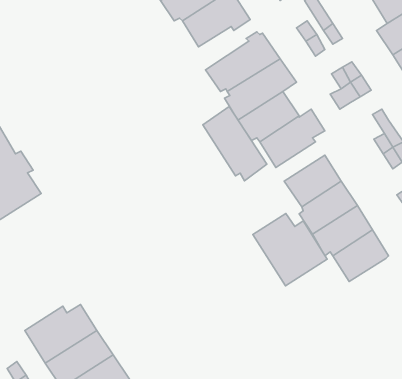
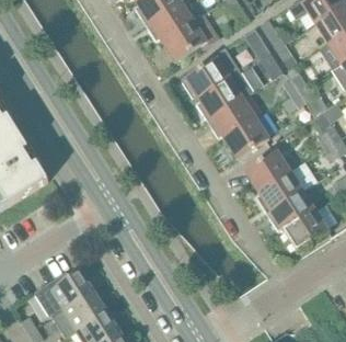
building: [203,107,267,181] -> none
building: [253,213,327,286] -> none

